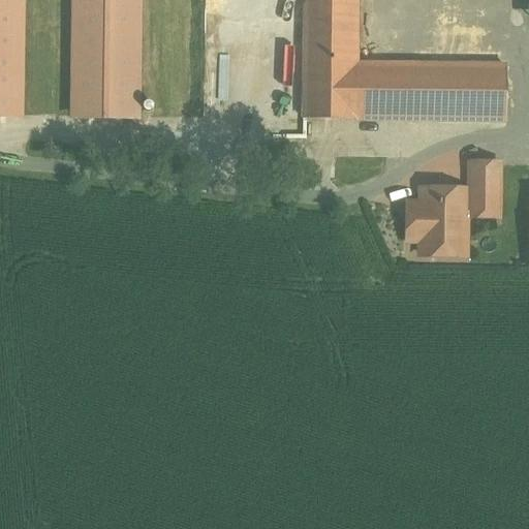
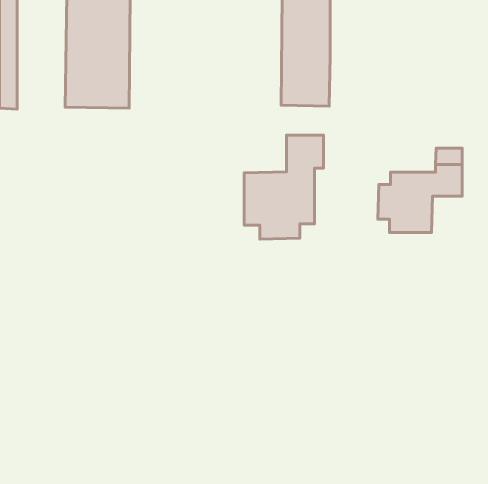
building: [355,61,506,116] -> none
building: none -> [244,135,323,239]

